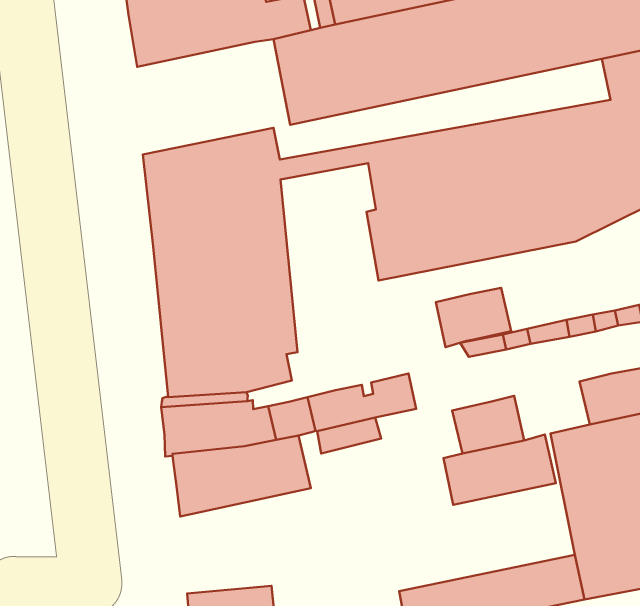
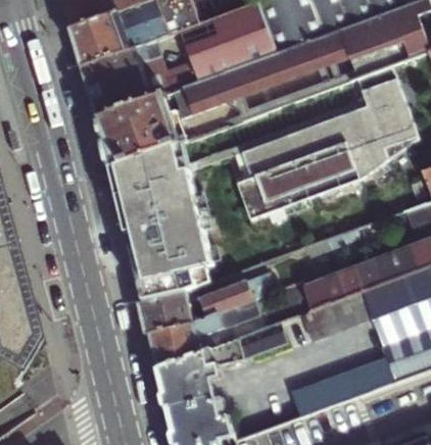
building: none -> [99,95,181,167]
building: [436,288,511,347] -> [338,260,383,298]
building: none -> [159,323,288,411]

